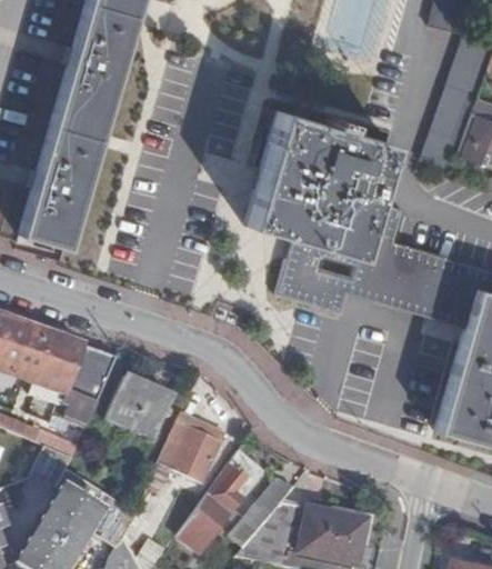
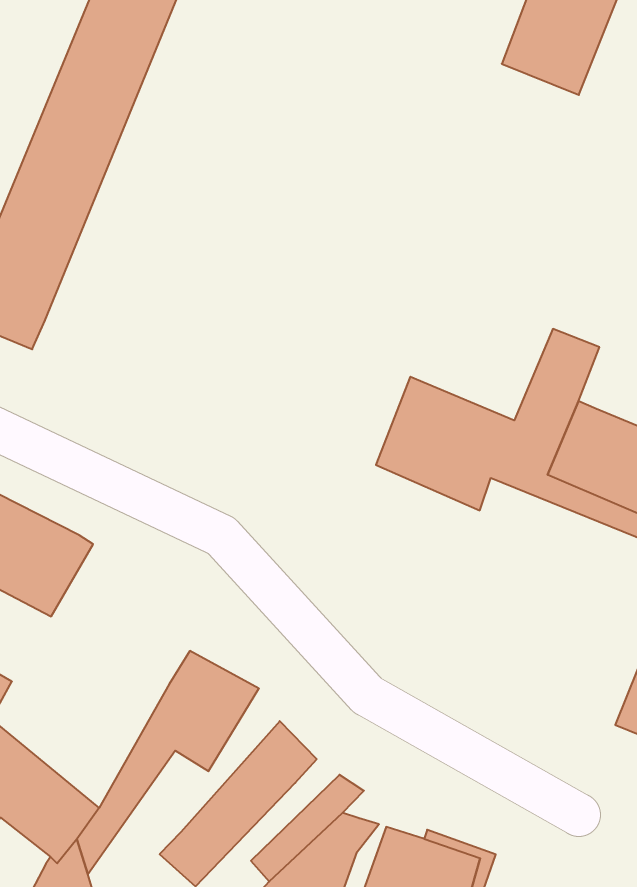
building: [245,110,388,257] -> none
building: [106,376,168,437] -> none

